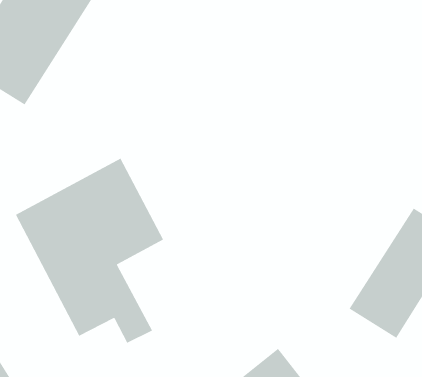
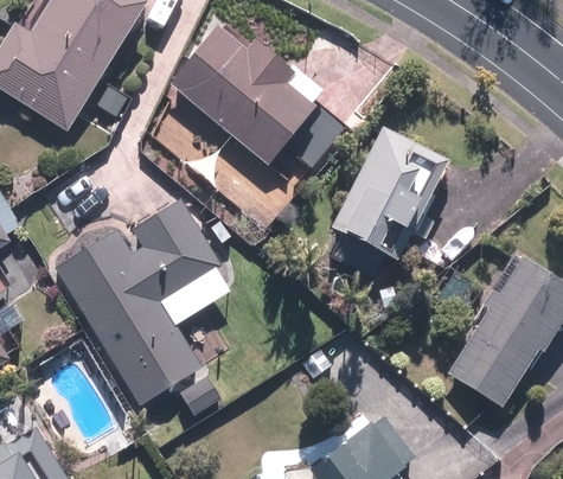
building: none -> [172,24,345,189]
building: none -> [332,122,440,253]

